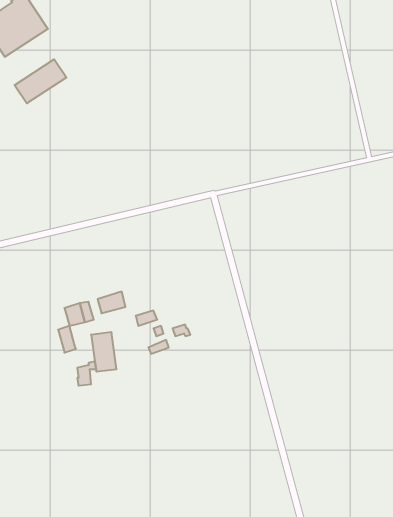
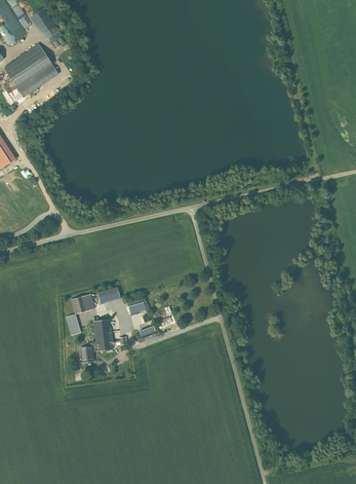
building: [15,59,66,103] -> none

